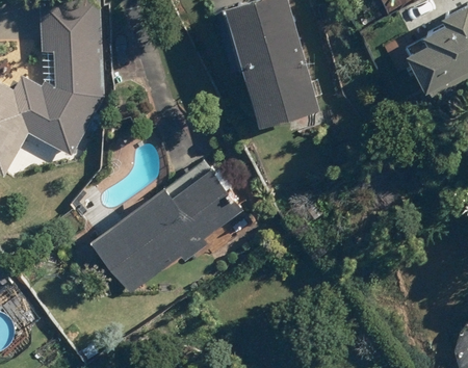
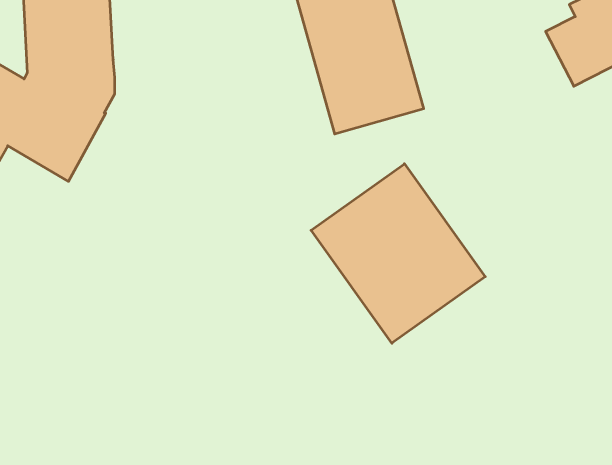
building: none -> [311,164,485,343]
building: [88,163,244,294] -> none

